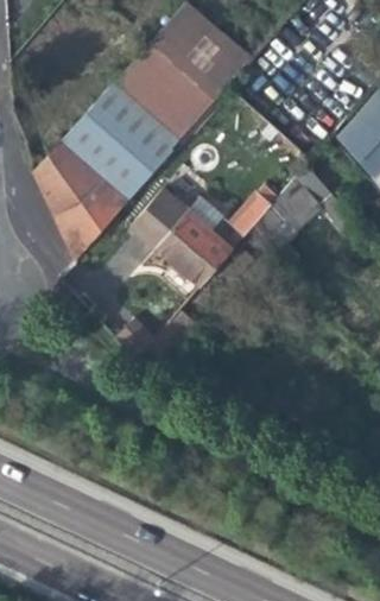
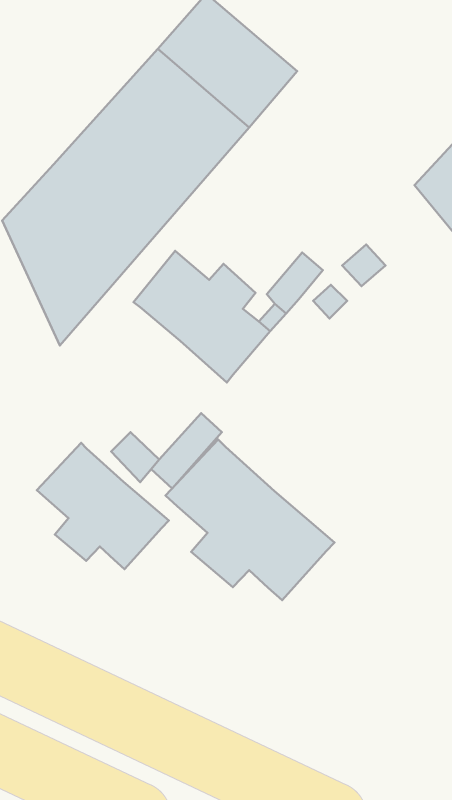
building: none -> [165,440,335,600]
building: none -> [37,443,169,569]

